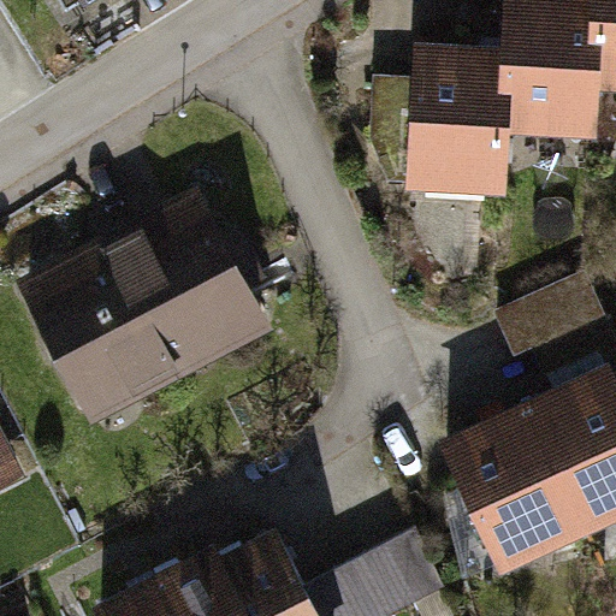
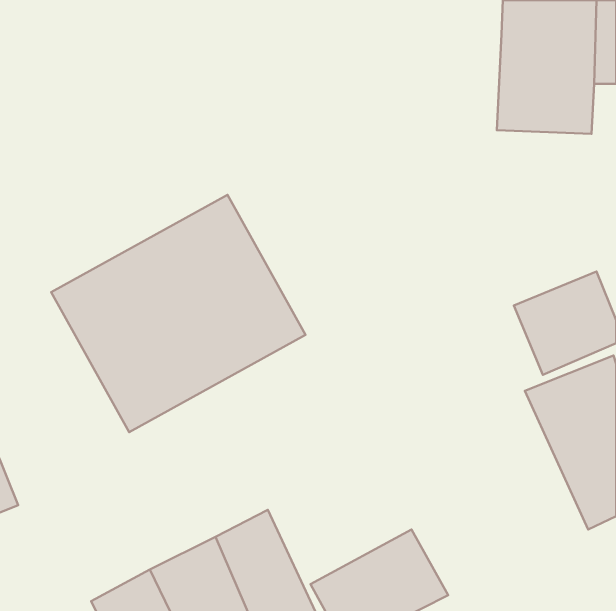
building: [404,38,496,191] -> none
building: [434,397,581,567] -> none

